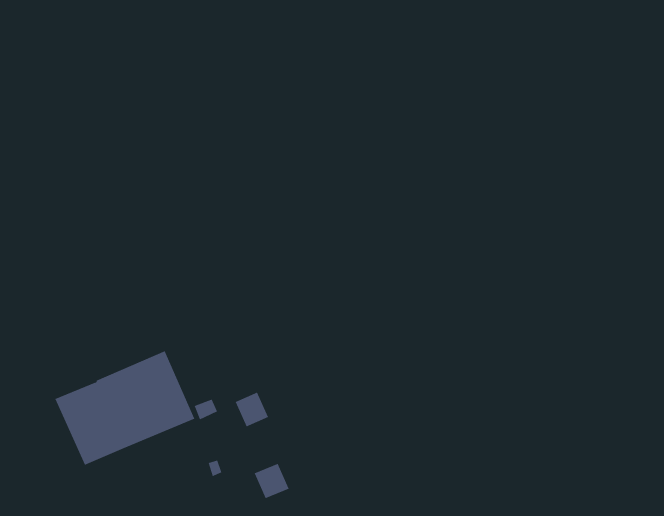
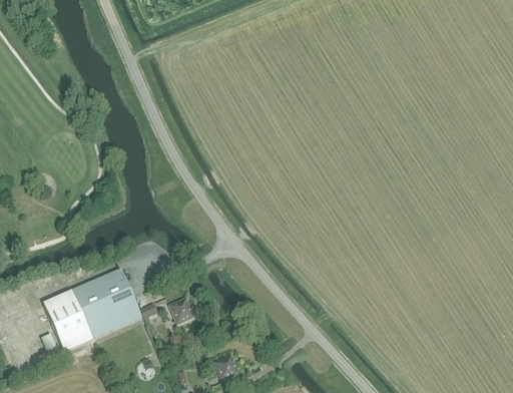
building: [254,463,289,499] -> [213,354,238,379]

